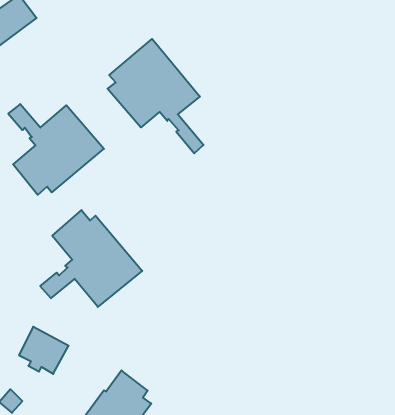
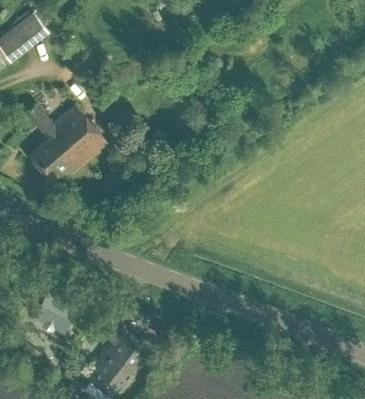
building: [108,39,204,153] -> none
building: [40,210,142,307] -> none

